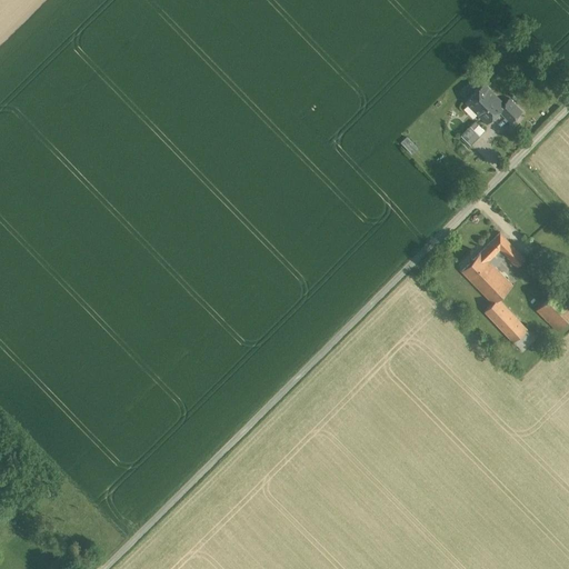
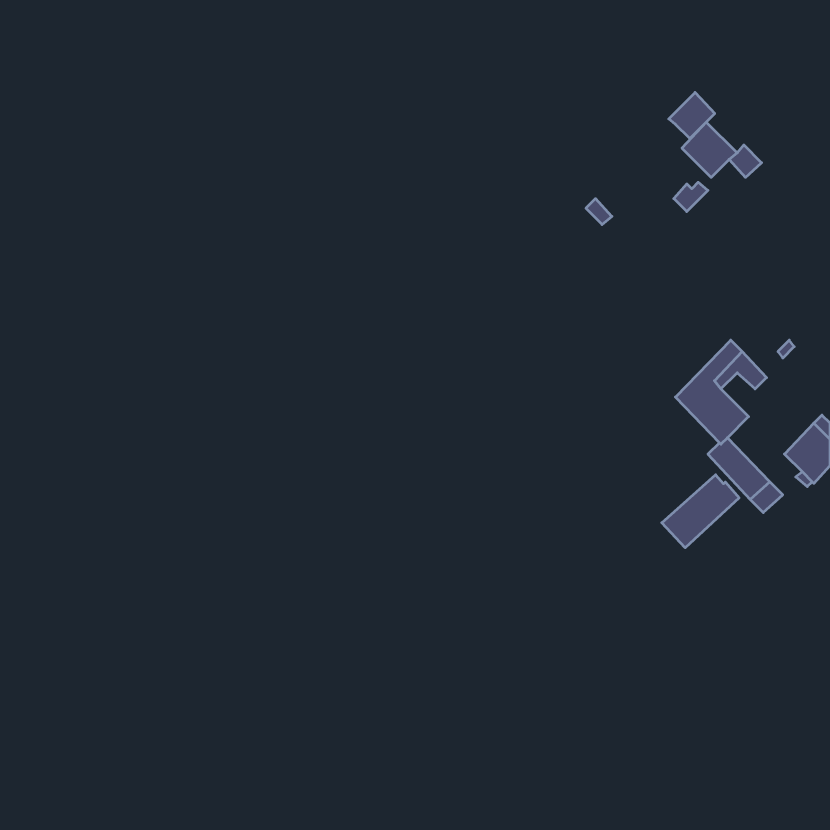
building: none -> [669,92,715,139]
building: none -> [662,475,739,548]

